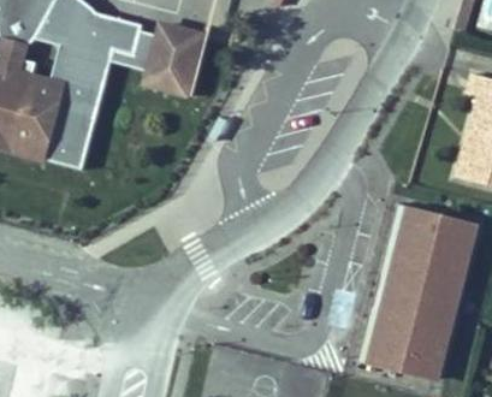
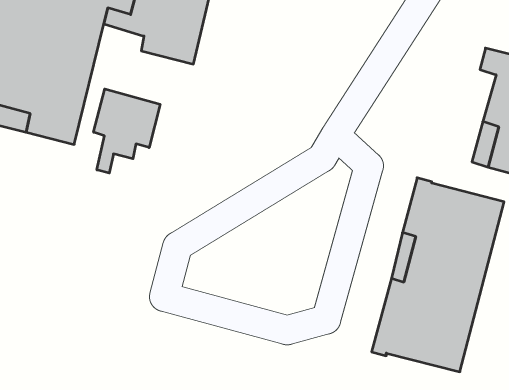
building: none -> [94,89,160,173]

